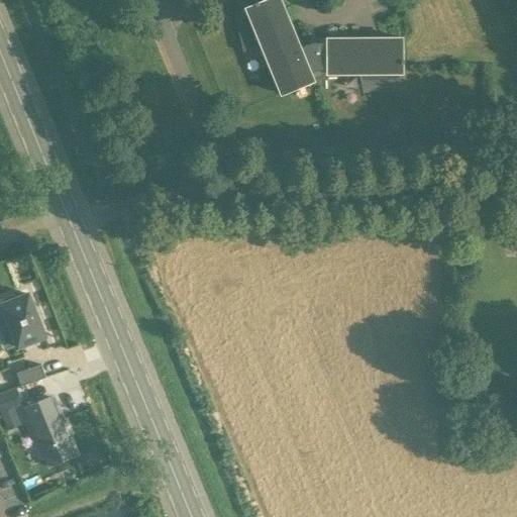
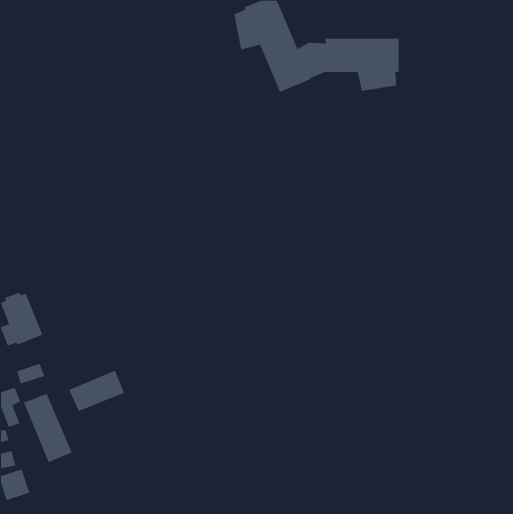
building: none -> [68,370,125,412]

